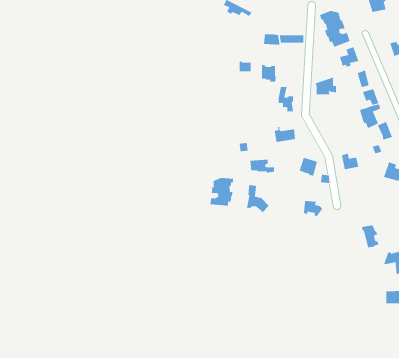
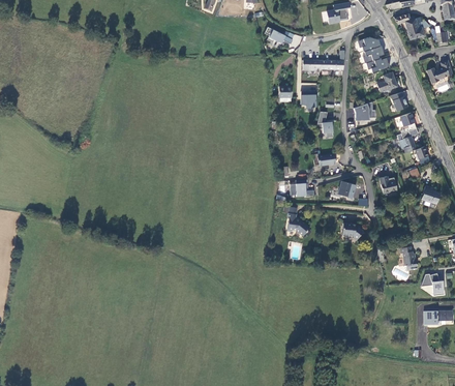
building: [210,177,233,207] -> none

